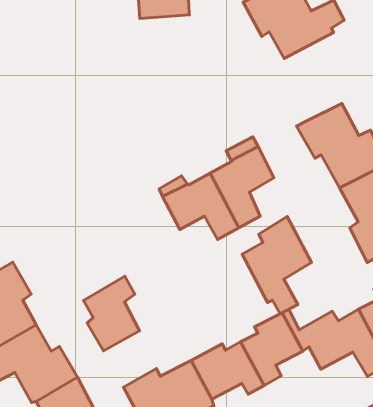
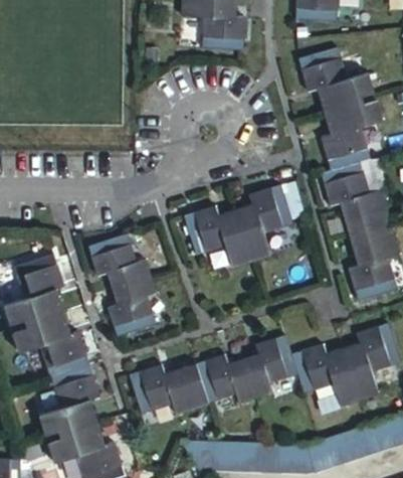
building: none -> [316,102,384,174]
building: [242,217,311,314] -> none
building: none -> [86,241,148,297]

